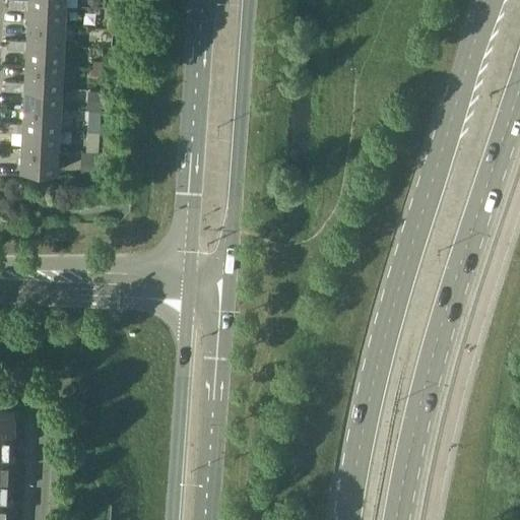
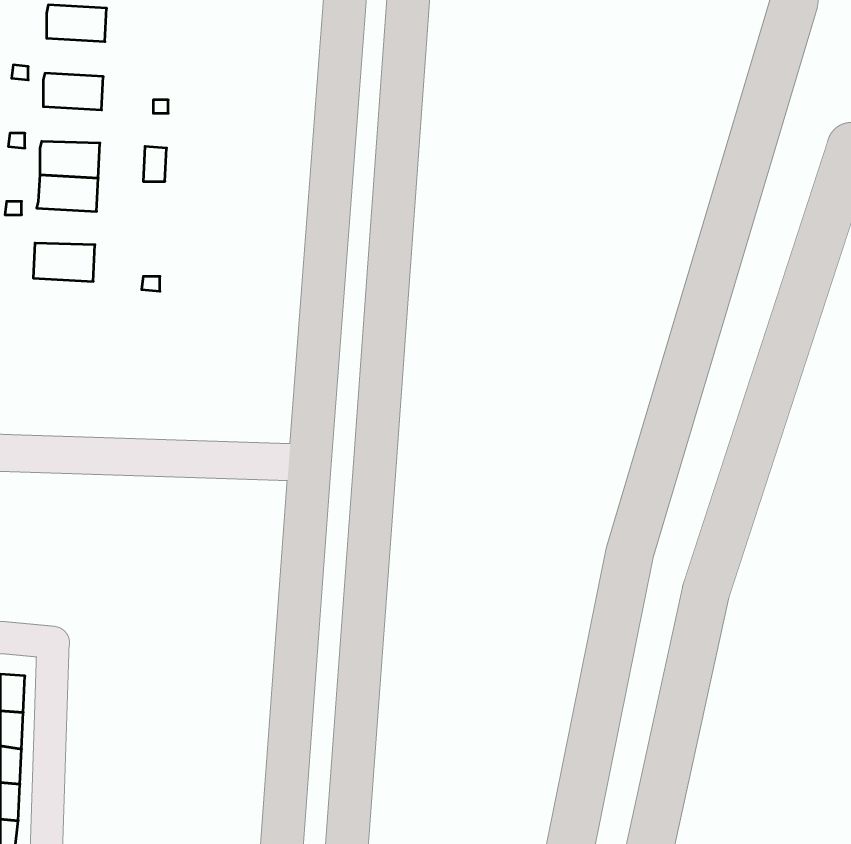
building: [27,27,64,51] -> none
building: [25,69,62,91] -> none
building: [21,131,59,153] -> none

